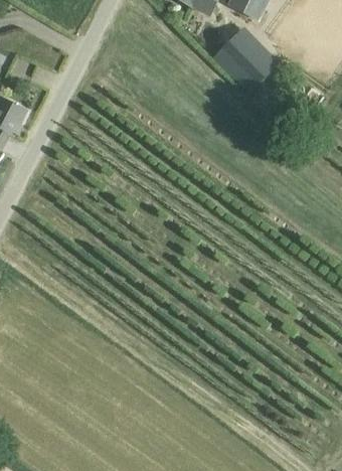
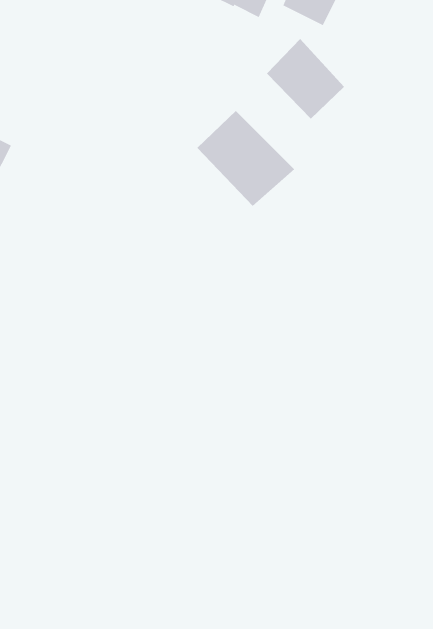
building: none -> [197,110,295,207]

